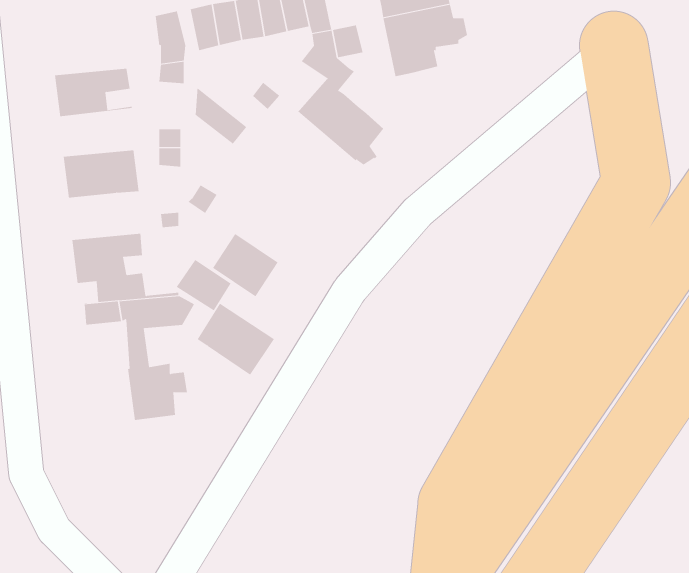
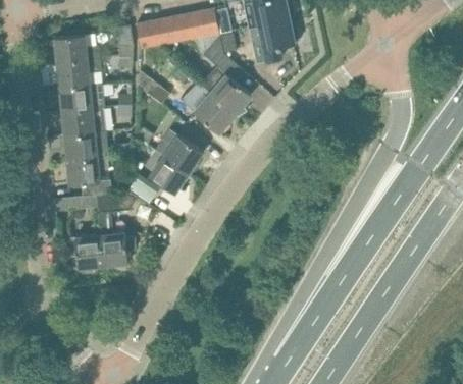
building: none -> [53,35,98,63]
building: none -> [58,83,103,111]
building: none -> [183,85,233,132]
building: none -> [63,131,107,160]
building: [197,303,275,376] -> [155,130,201,173]
building: none -> [67,235,102,273]

